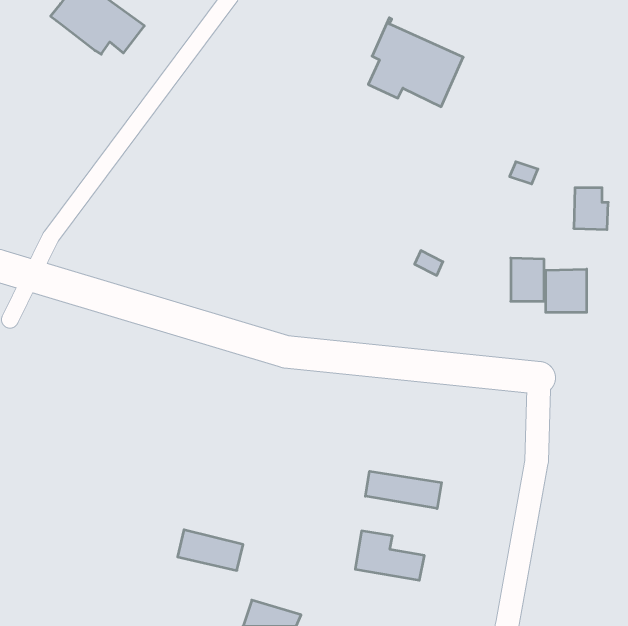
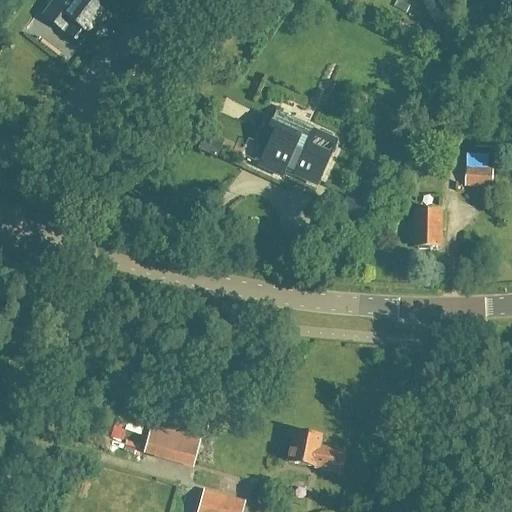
building: [368,18,463,107] -> [256,108,333,180]
building: [546,269,587,312] -> none
building: [365,471,442,509] -> none

